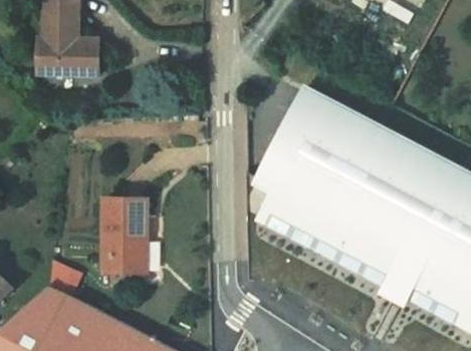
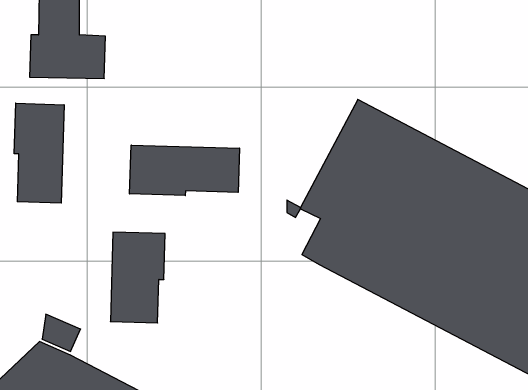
building: none -> [14,103,64,203]
building: none -> [130,145,239,196]

